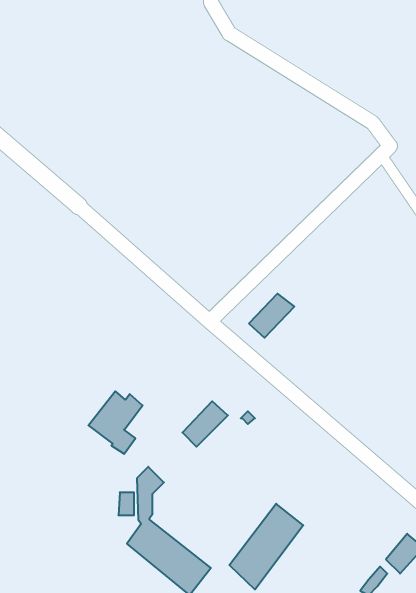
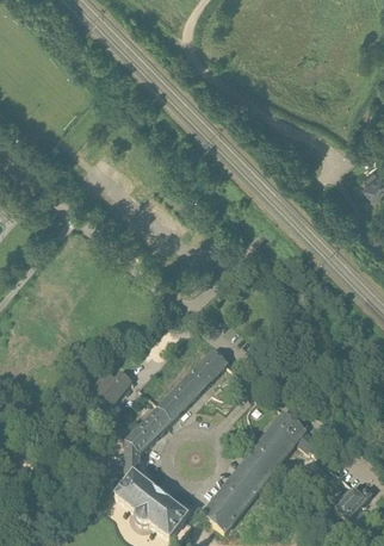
building: [249,294,294,338] -> [190,349,228,386]
building: none -> [136,401,176,442]
building: none -> [243,409,320,478]

